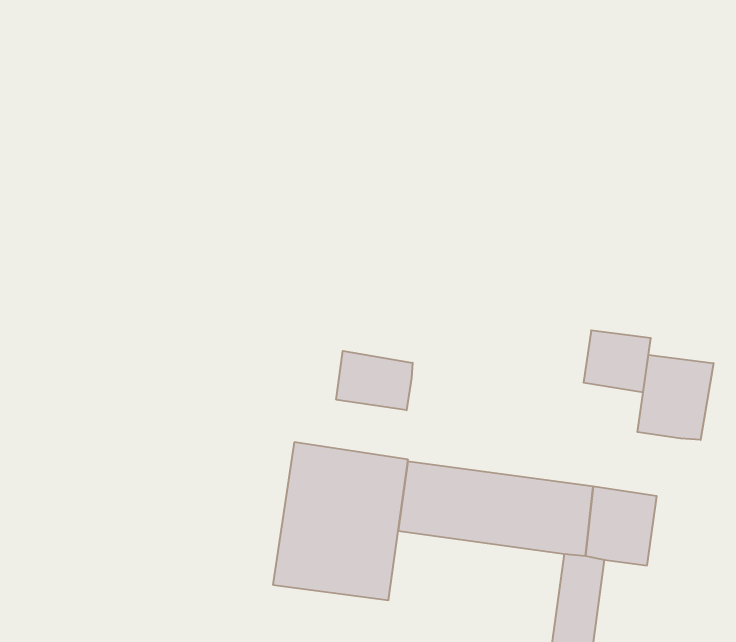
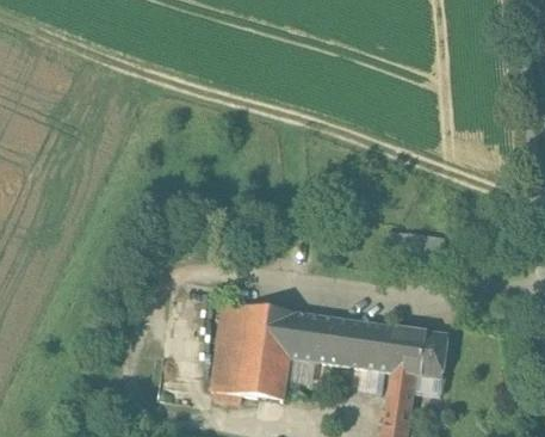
building: [336,351,413,410] -> none
building: [637,355,713,440] -> none

